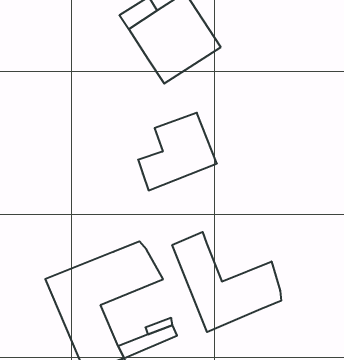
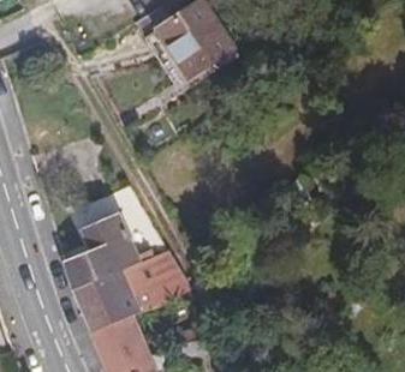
building: [138,113,217,190] -> [58,210,138,289]
building: [172,232,281,332] -> none

